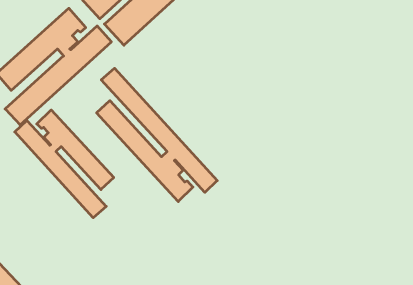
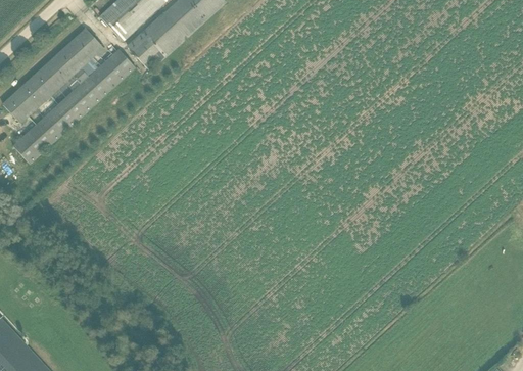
building: [97,68,217,202] -> none
building: [15,110,114,218] -> none

